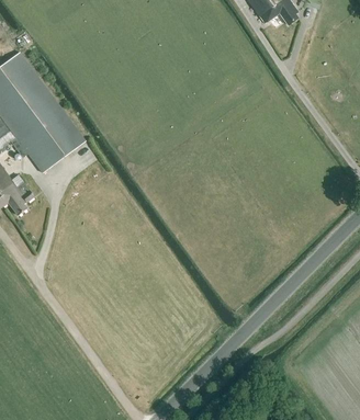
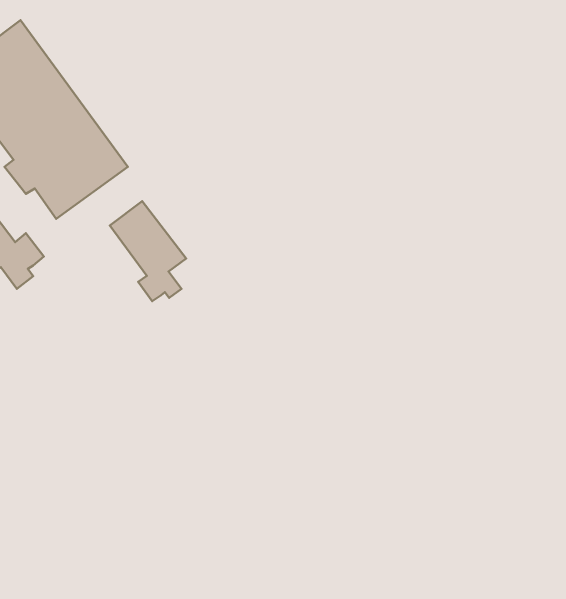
building: none -> [110,201,186,301]

